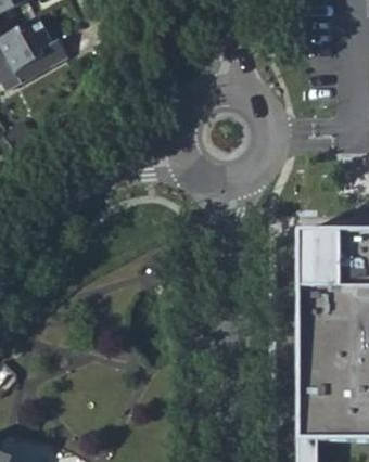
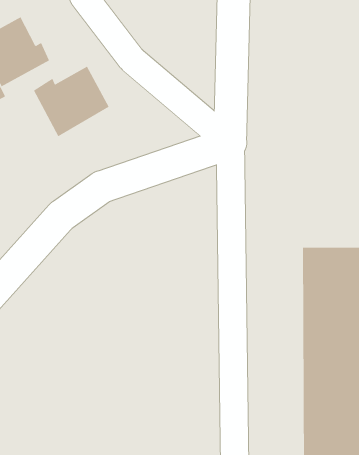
building: none -> [33,66,109,137]

